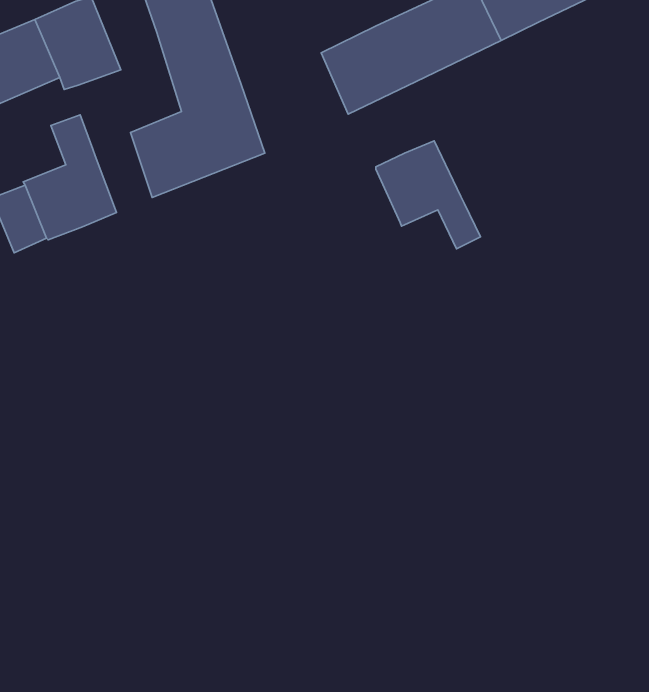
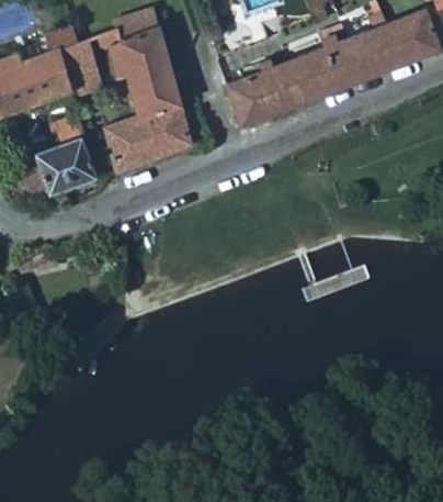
building: [376,141,481,249] -> none

